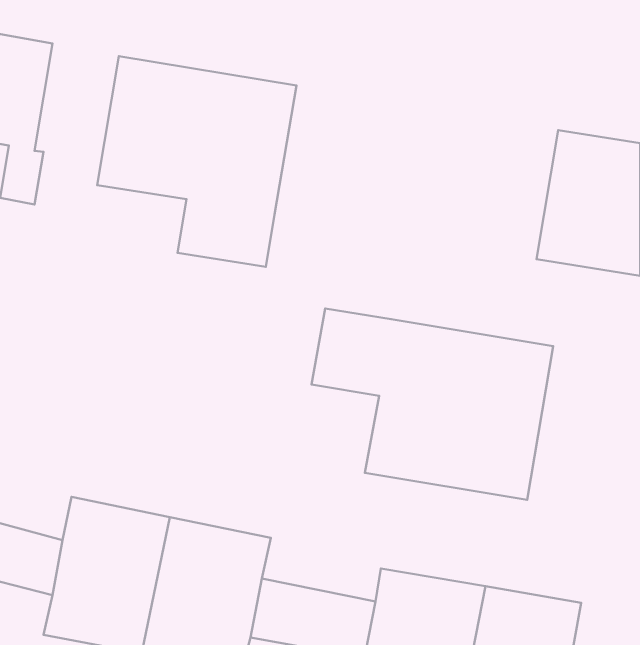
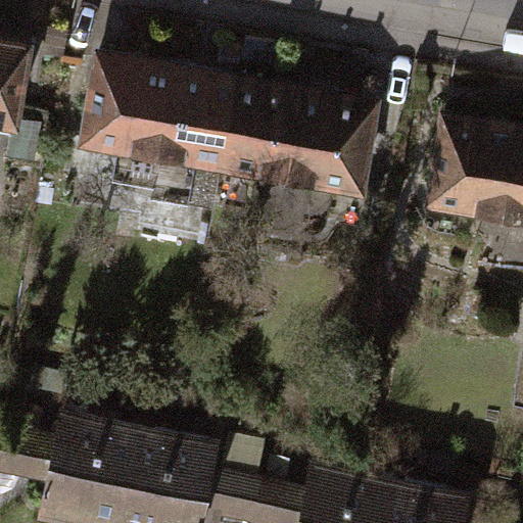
building: none -> [220,75,379,201]
building: [312,308,553,500] -> none

